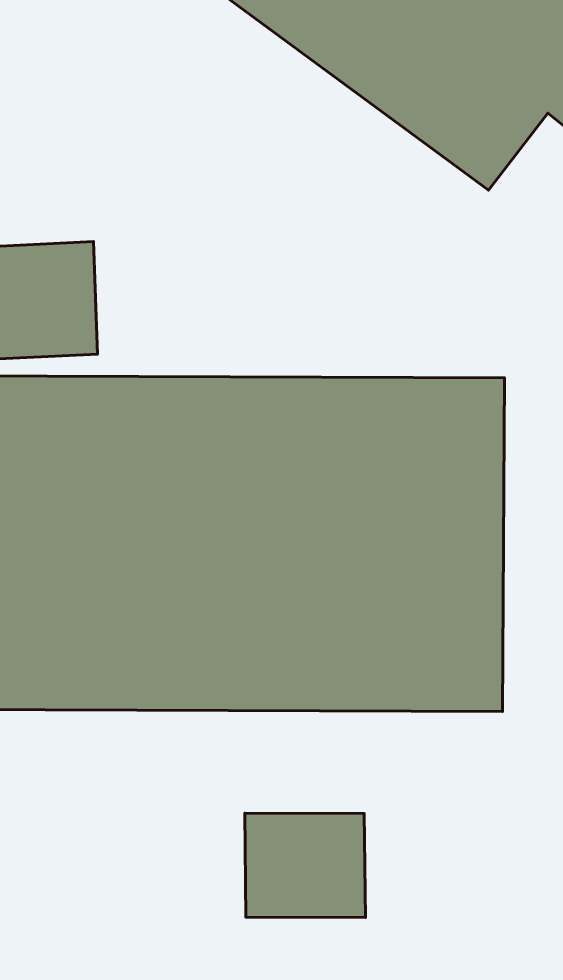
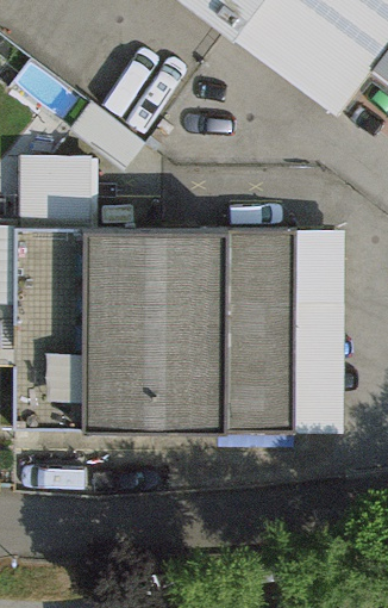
building: [245,813,365,917] -> none

